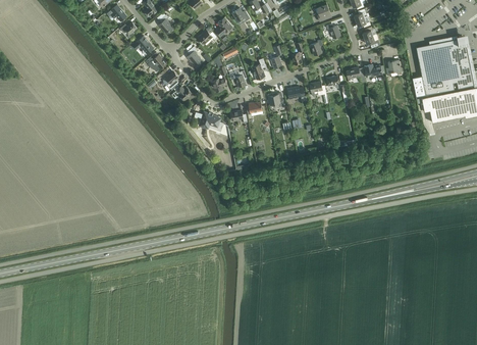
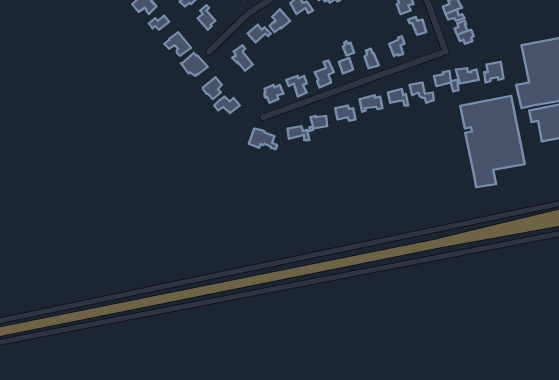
building: none -> [460,96,525,187]

